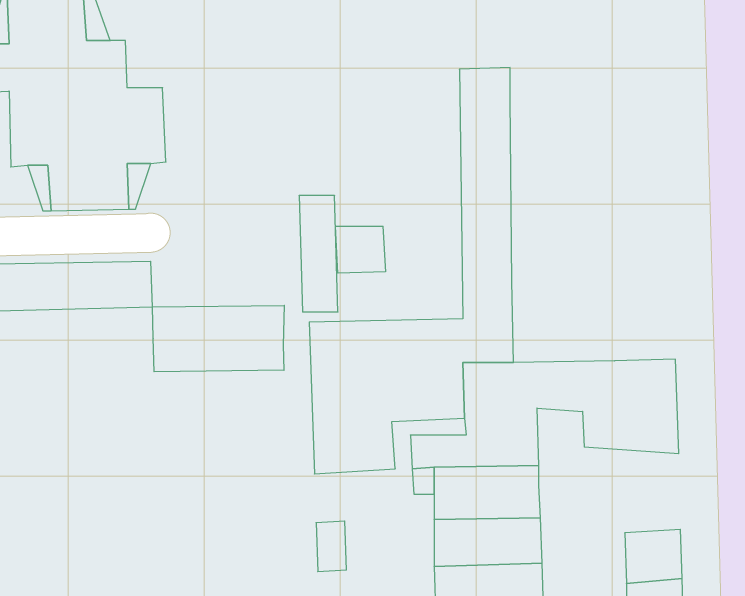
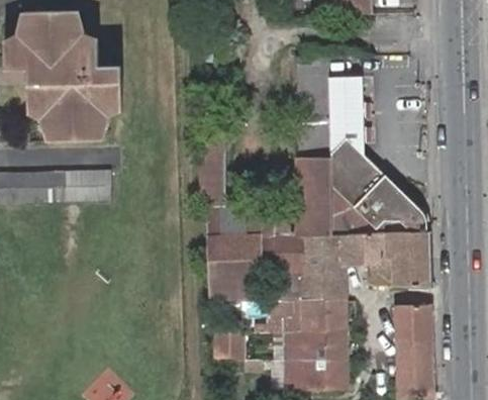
building: none -> [327,75,426,231]
building: [335,226,385,273] -> none
building: [152,305,284,372] -> none
building: none -> [395,304,429,334]

